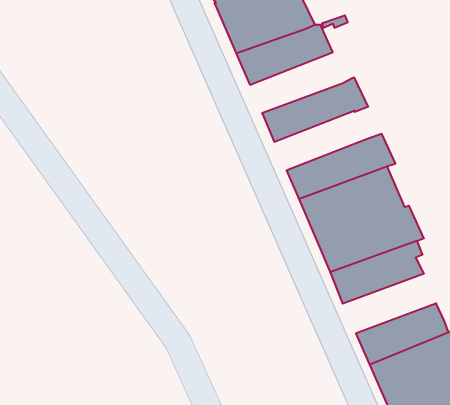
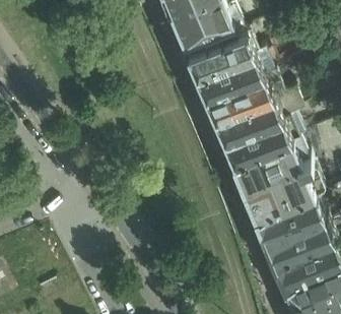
building: none -> [191,48,268,95]
building: none -> [209,86,297,137]
building: none -> [260,212,333,259]

